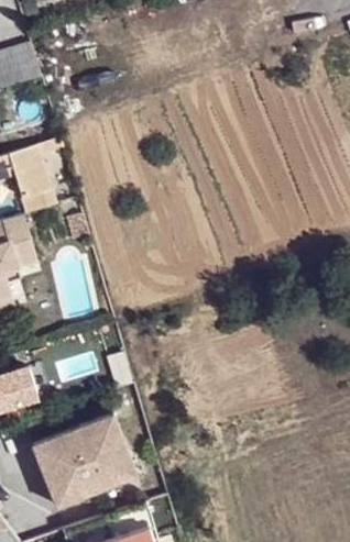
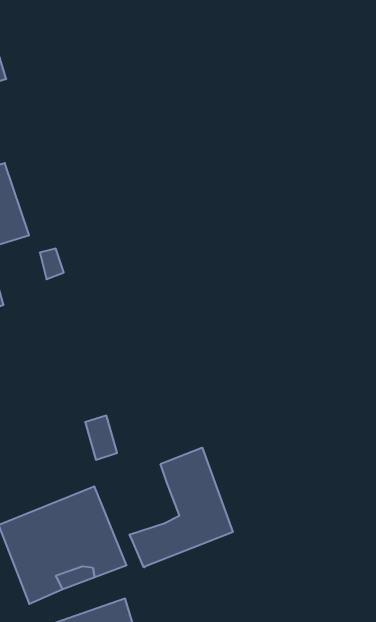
building: none -> [130,448,233,567]

